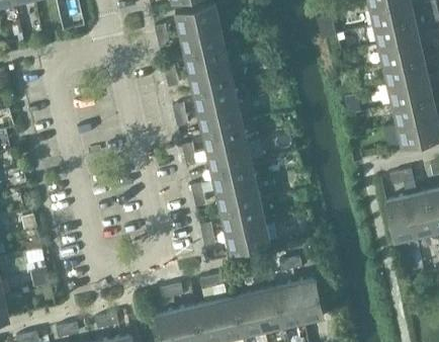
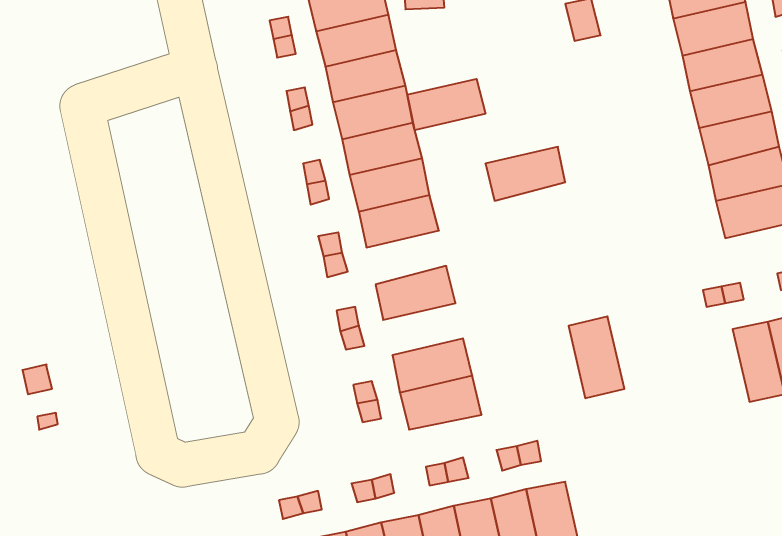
building: none -> [408,79,485,130]
building: [207,143,251,172] -> [485,147,565,201]
building: [216,182,260,210] -> none
building: [385,196,416,241] -> [569,316,624,398]

